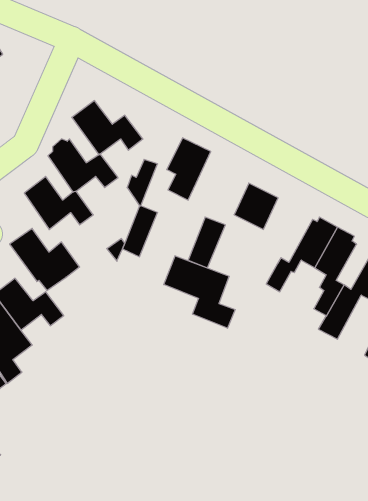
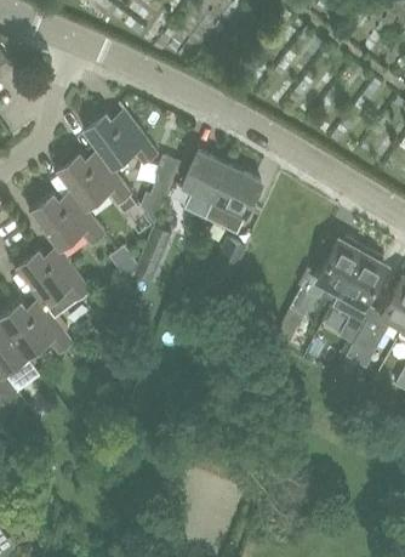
building: [234,183,278,229] -> [213,167,261,217]
building: [164,256,235,328] -> none

